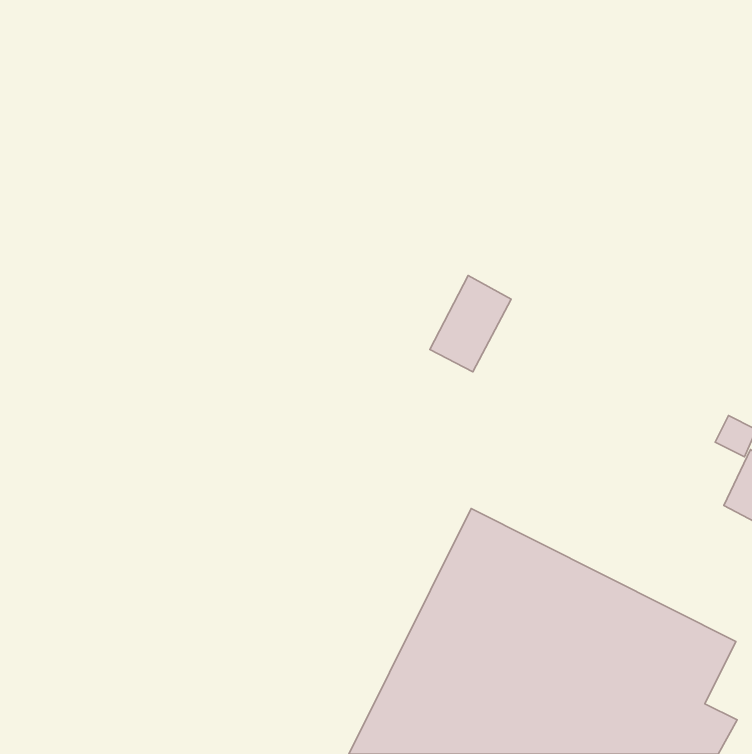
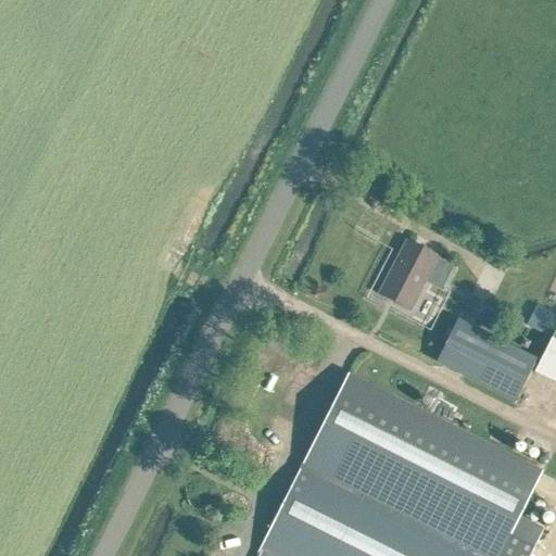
building: [430,276,511,372] -> [379,239,439,309]
building: none -> [438,320,535,400]

